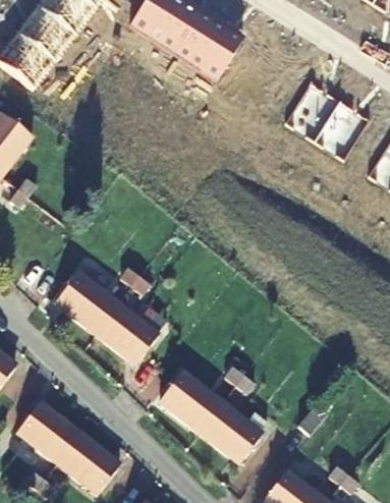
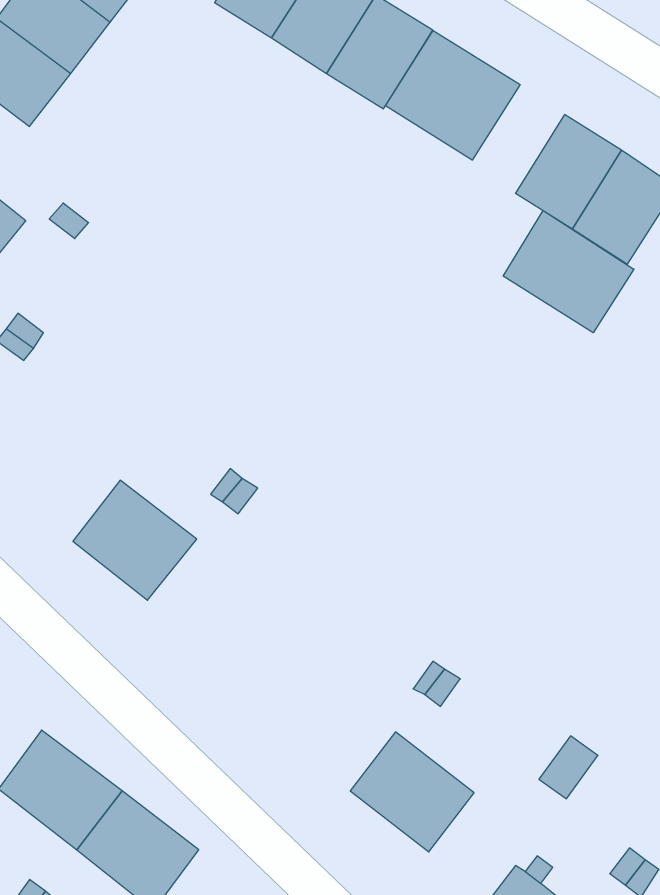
building: none -> [385,30,520,160]
building: none -> [503,211,634,333]
building: [94,301,159,365] -> none
building: [158,371,222,432] -> none

